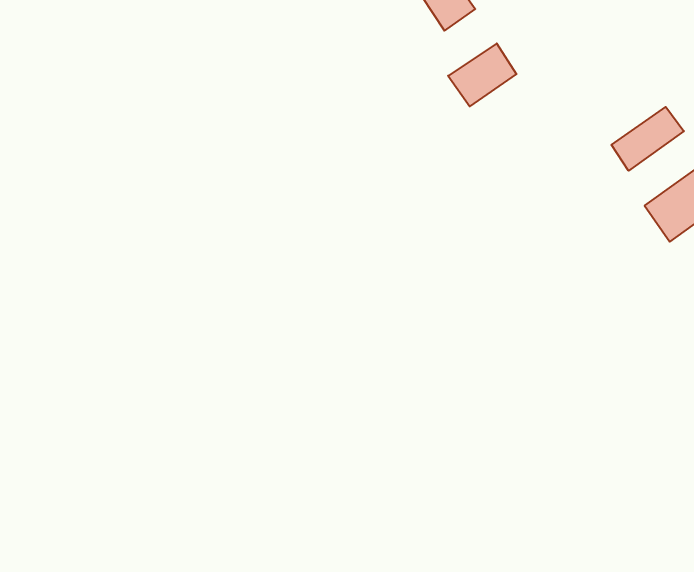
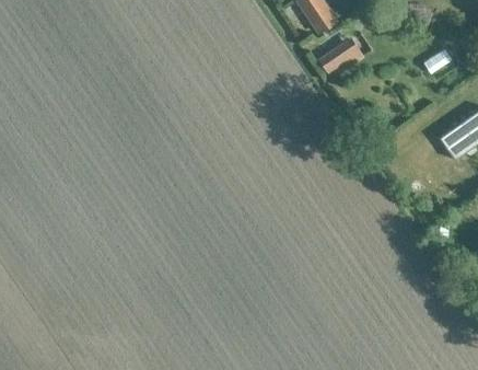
building: [611,107,684,171] -> none

